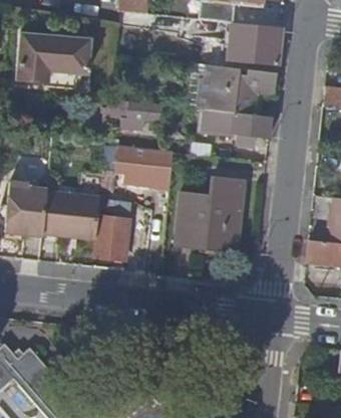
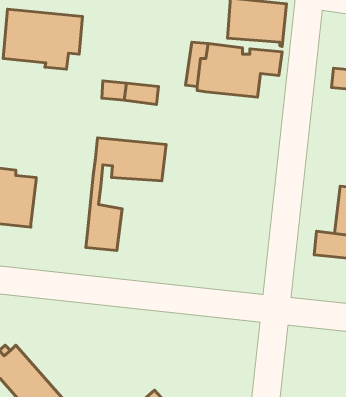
building: [204,109,272,147] -> none
building: [42,169,101,237] -> none
building: [175,179,244,250] -> none

